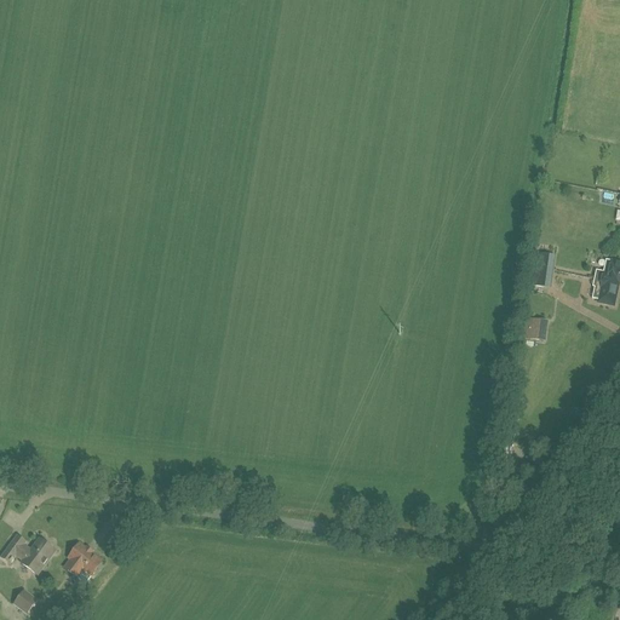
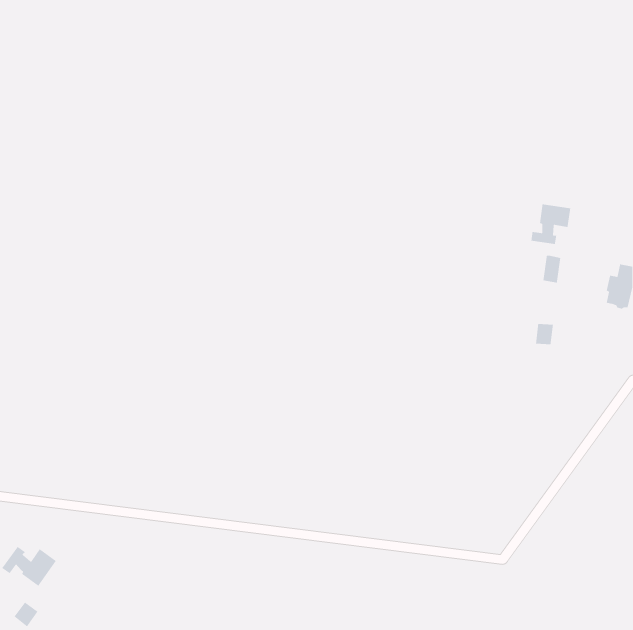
building: none -> [530,204,571,245]
building: [64,541,102,576] -> none

